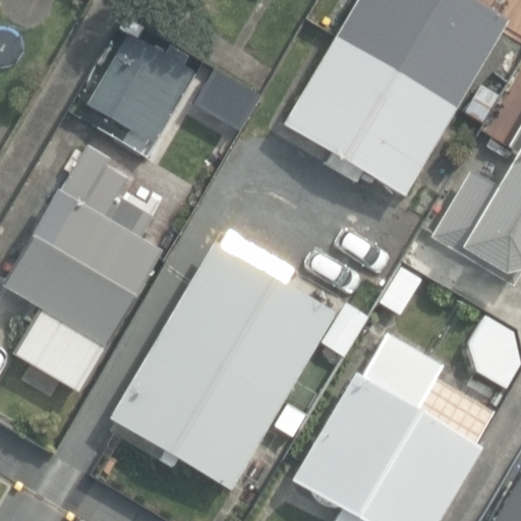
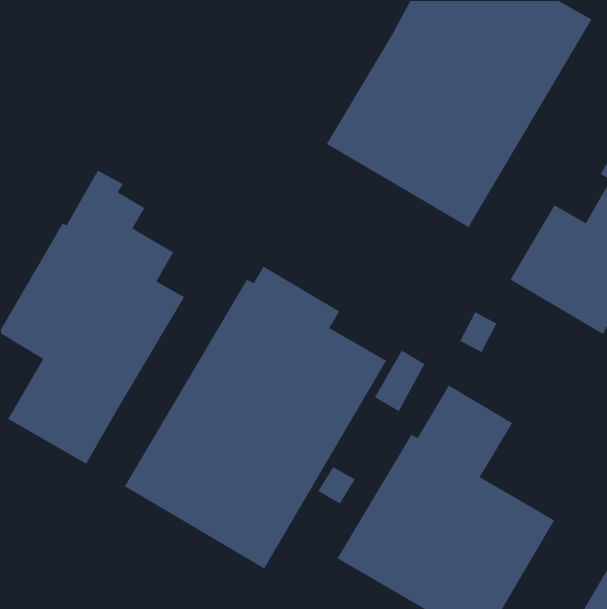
building: [92,41,196,147] -> none

